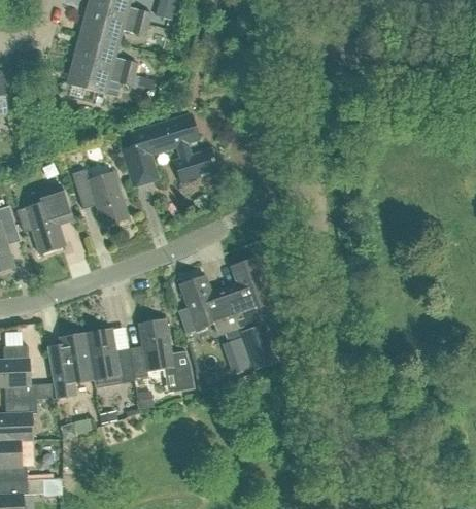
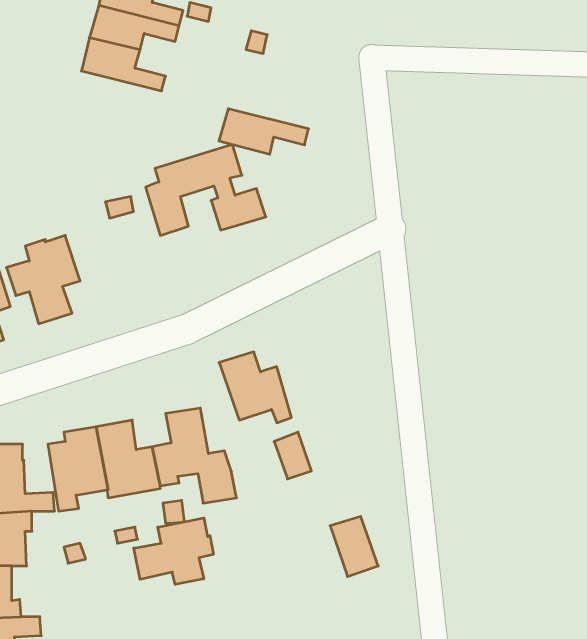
building: [66,59,135,94] -> [219,109,309,154]
building: [71,169,127,225] -> none
building: [224,258,271,326] -> none
building: [239,324,276,370] -> [330,516,378,577]
building: none -> [134,518,213,584]

